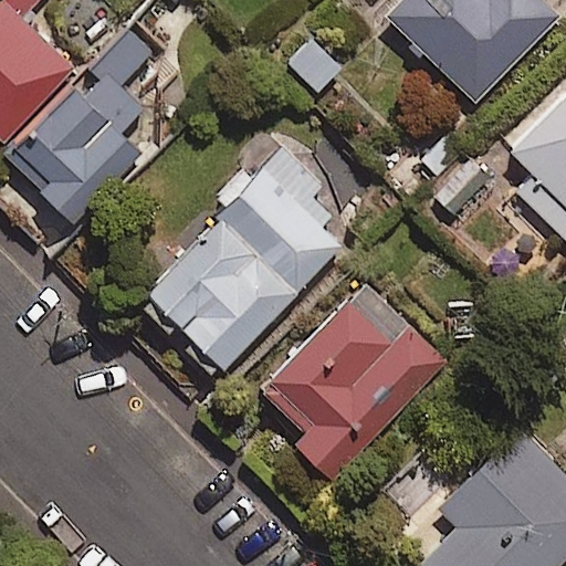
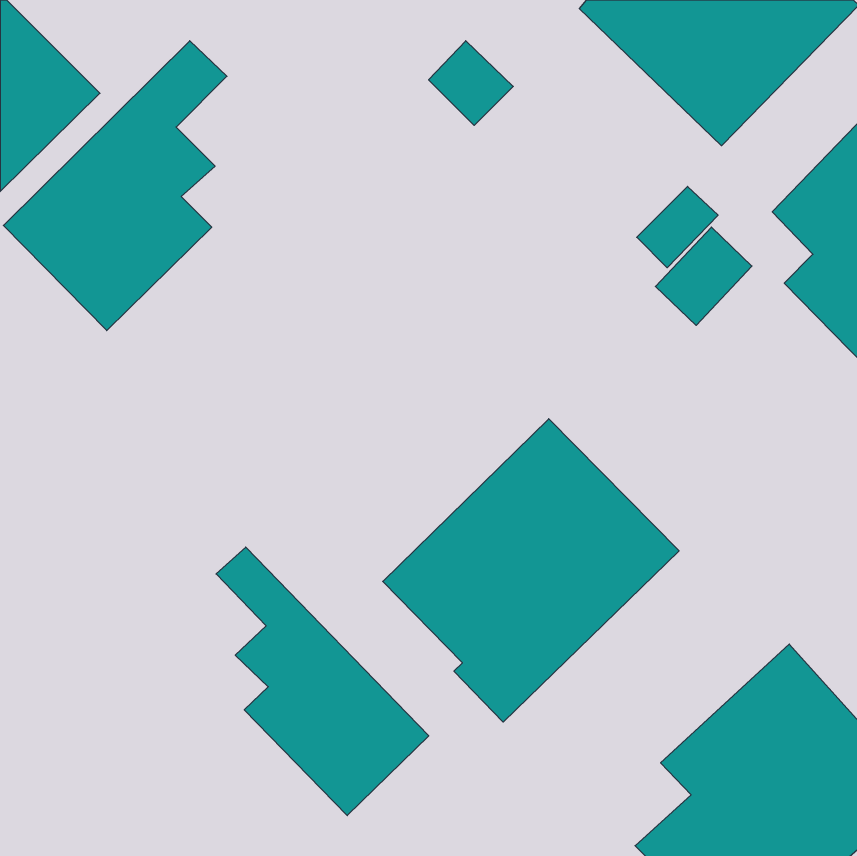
building: [132,147,343,380] -> none
building: none -> [216,547,429,816]

